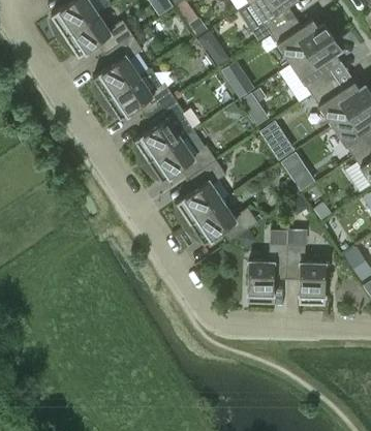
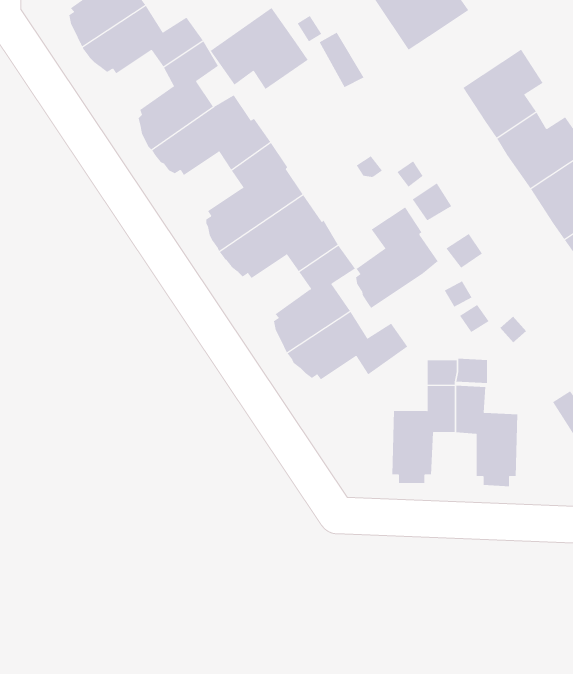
building: none -> [210,7,308,90]
building: [271,16,328,63] -> none
building: [222,61,253,96] -> none
building: none -> [356,206,439,309]

